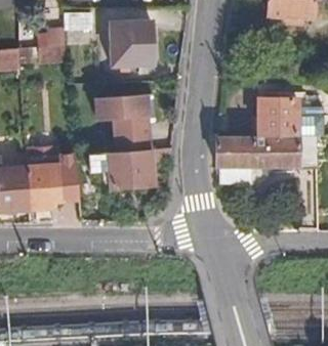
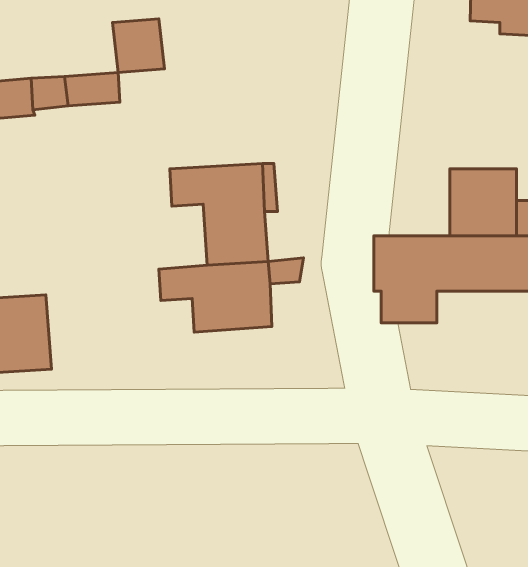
building: [111,24,154,66] -> none
building: [28,157,80,209] -> none

